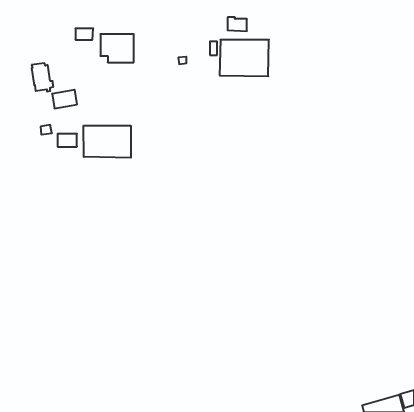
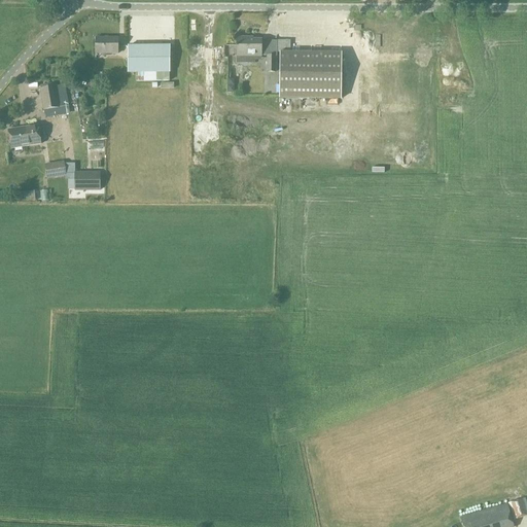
building: [228,17,247,31] -> [237,36,261,54]
building: [52,90,77,108] -> [9,124,41,147]
building: [84,126,131,158] -> none

